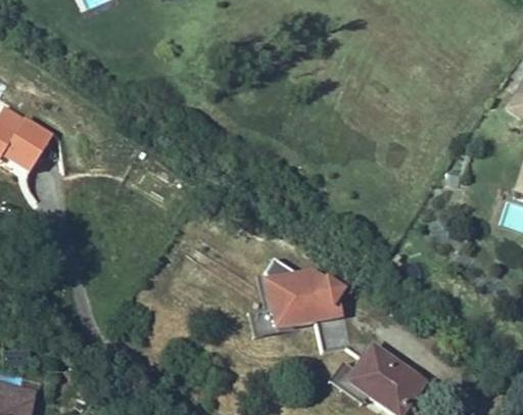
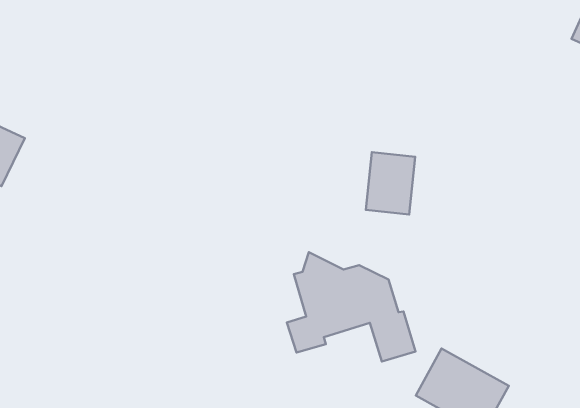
building: none -> [366,152,415,215]

